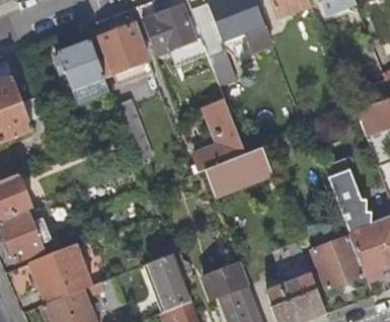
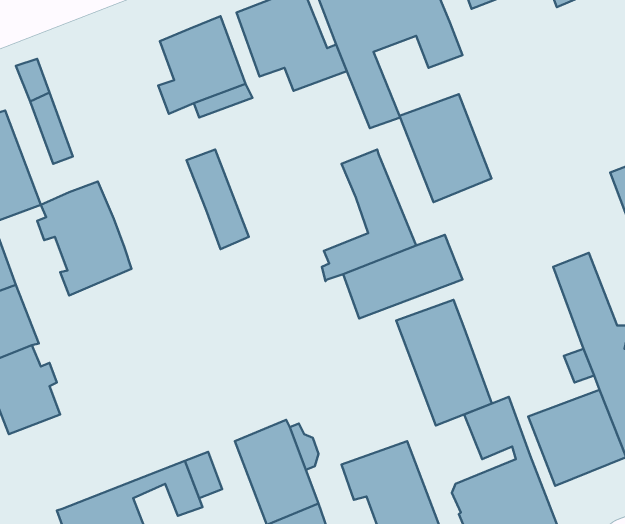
building: [56,39,109,104] -> [37,182,131,295]
building: none -> [400,94,492,202]
building: none -> [396,300,492,426]
building: [30,243,91,302] -> none

